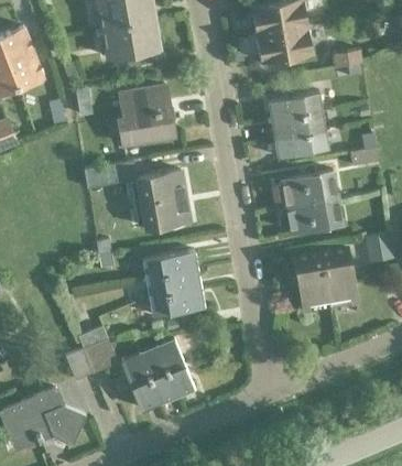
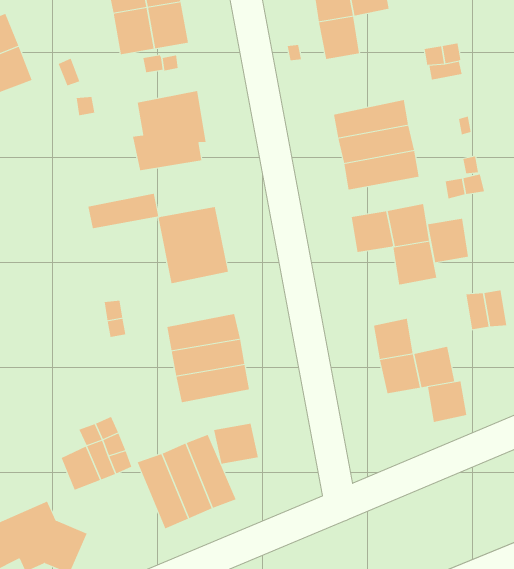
building: [282,24,313,57] -> none
building: [284,201,315,234] -> [427,218,469,263]
building: [322,249,351,280] -> [427,381,467,423]
building: none -> [213,423,258,464]

